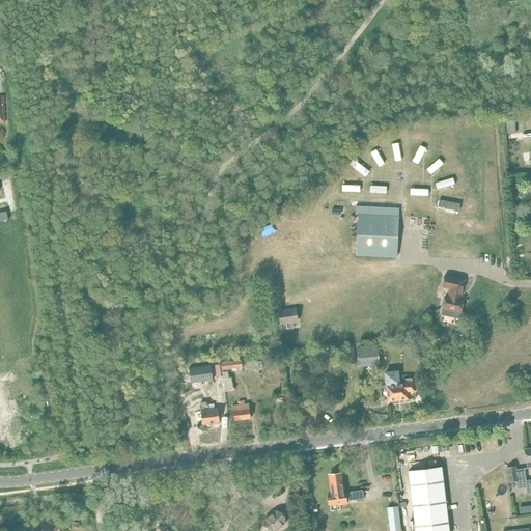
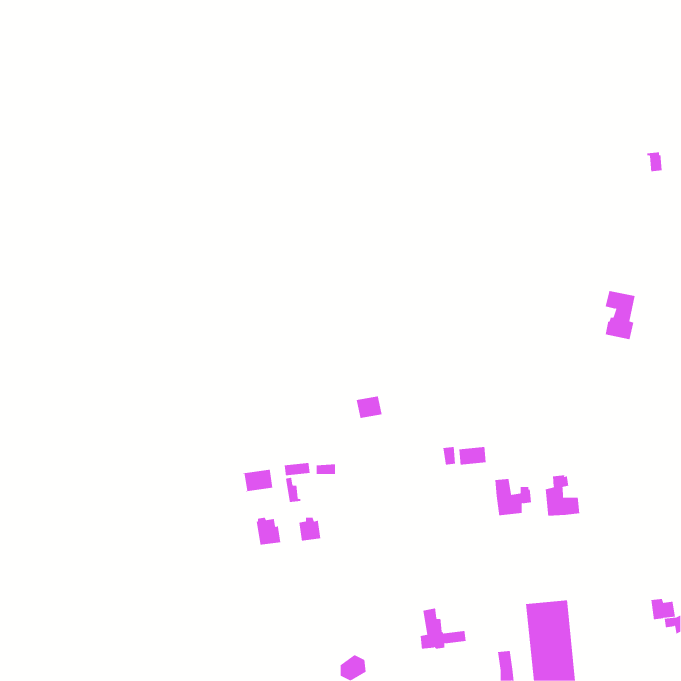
building: [355,214,398,258] -> none
building: [441,275,465,313] -> [605,290,636,340]
building: none -> [545,475,580,517]

